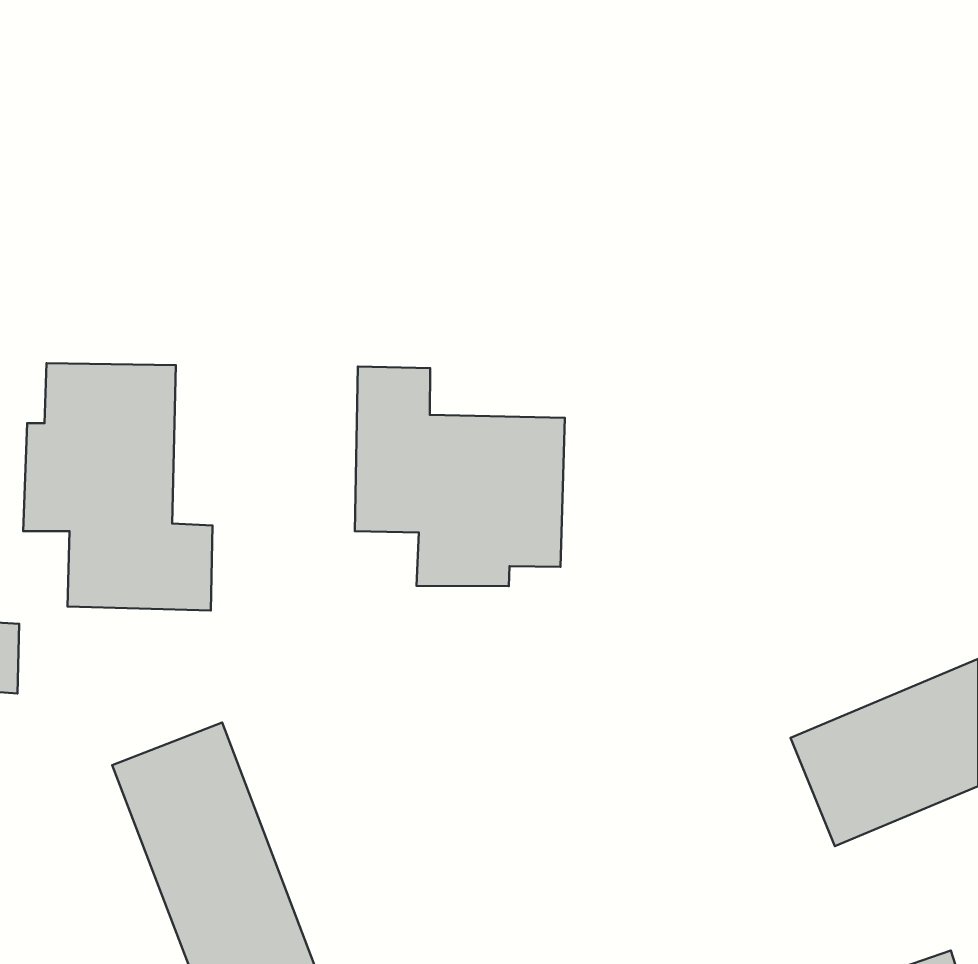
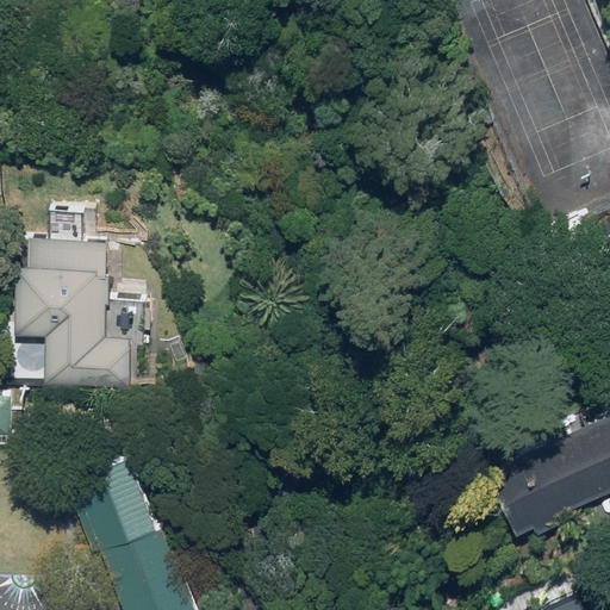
building: [355,367,565,586] -> none

